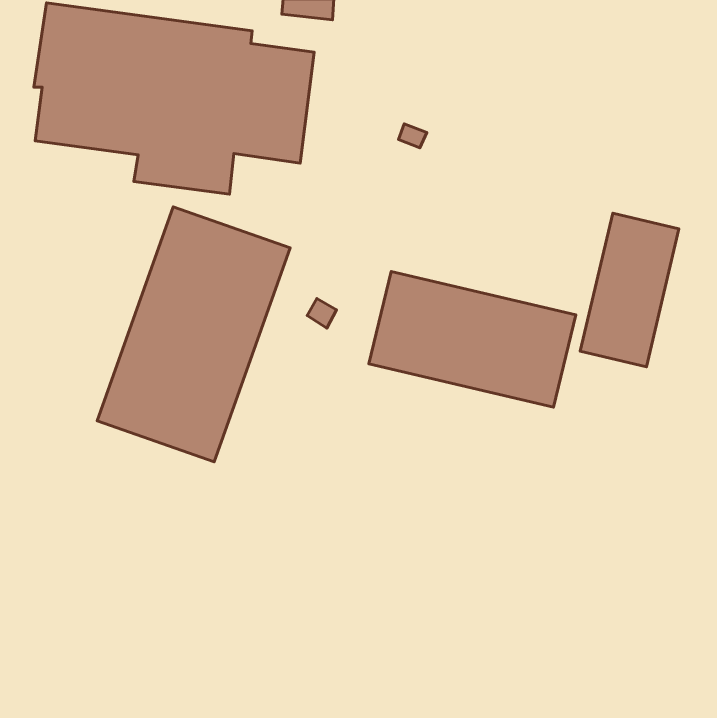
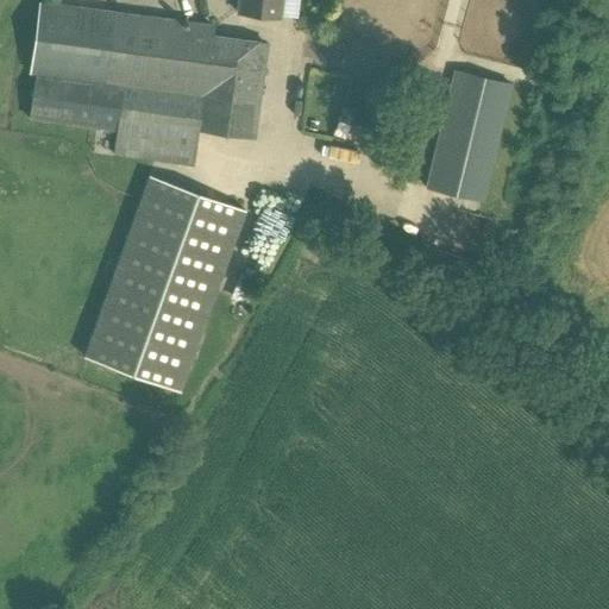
building: [580,213,679,367] -> [429,71,513,201]
building: [369,272,576,407] -> none

